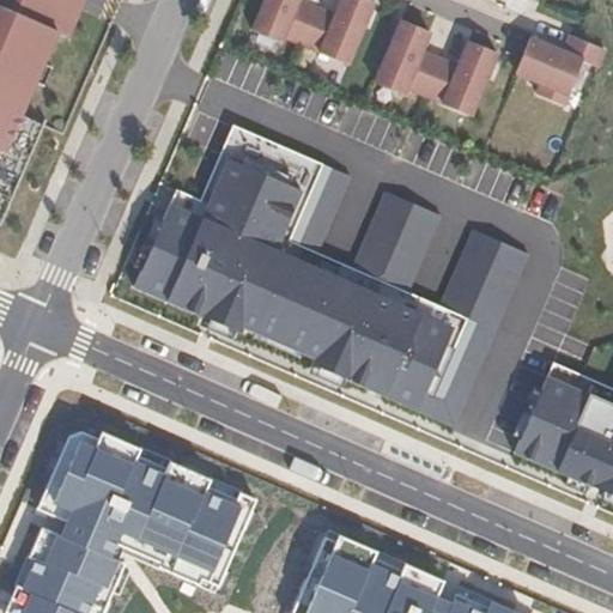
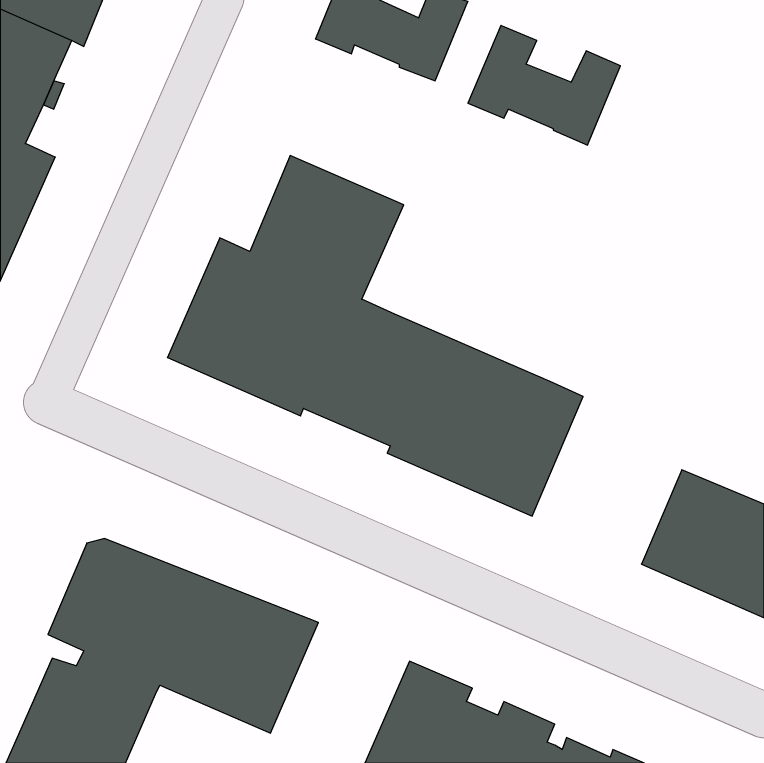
building: [516,35,605,105] -> none
building: [290,164,350,251] -> none
building: [352,190,441,291] -> none
building: [426,229,528,425] -> none

